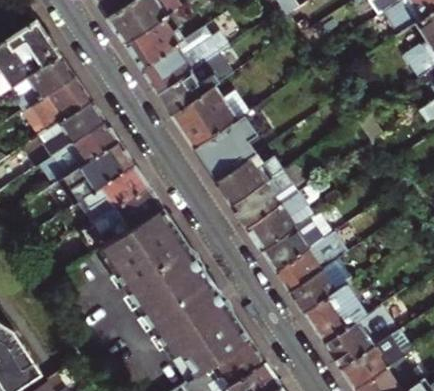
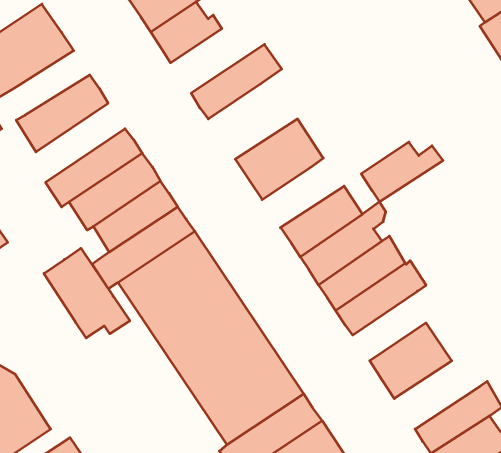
building: [142,27,231,94] -> none
building: [14,59,76,112] -> none
building: [173,86,250,148] -> none
building: [22,102,105,169] -> none
building: [217,155,284,204] -> [361,142,443,202]
building: none -> [44,248,130,338]
building: [291,256,351,313] -> none
building: [325,305,401,369] -> none

